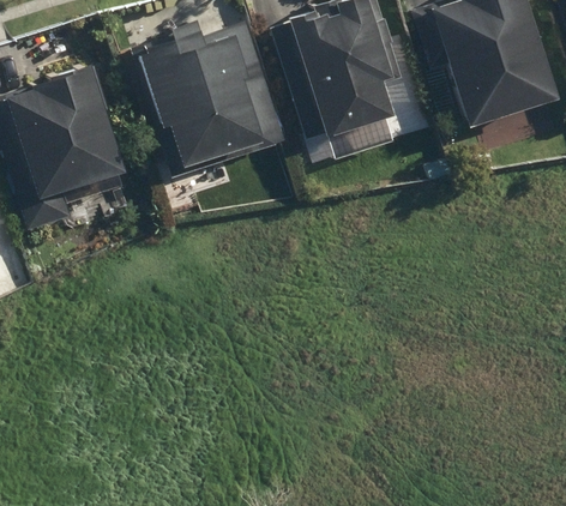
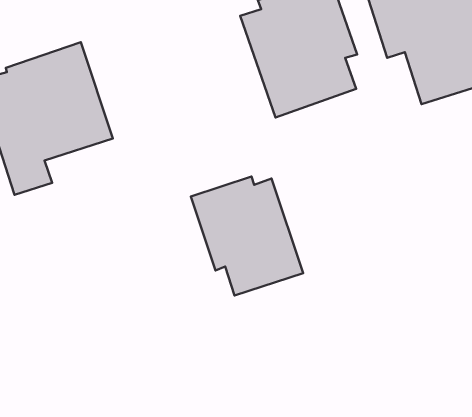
building: [136,28,288,183] -> none
building: none -> [191,177,303,296]

